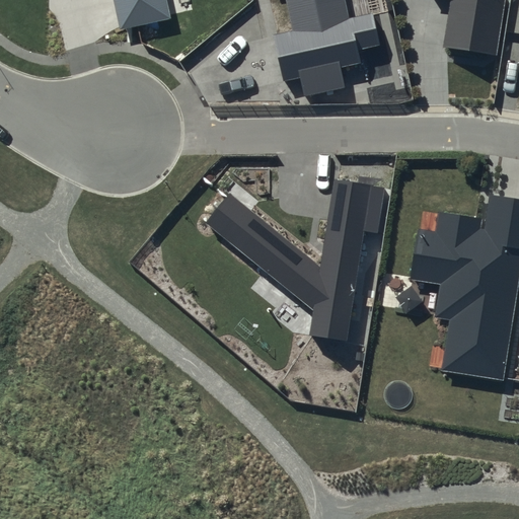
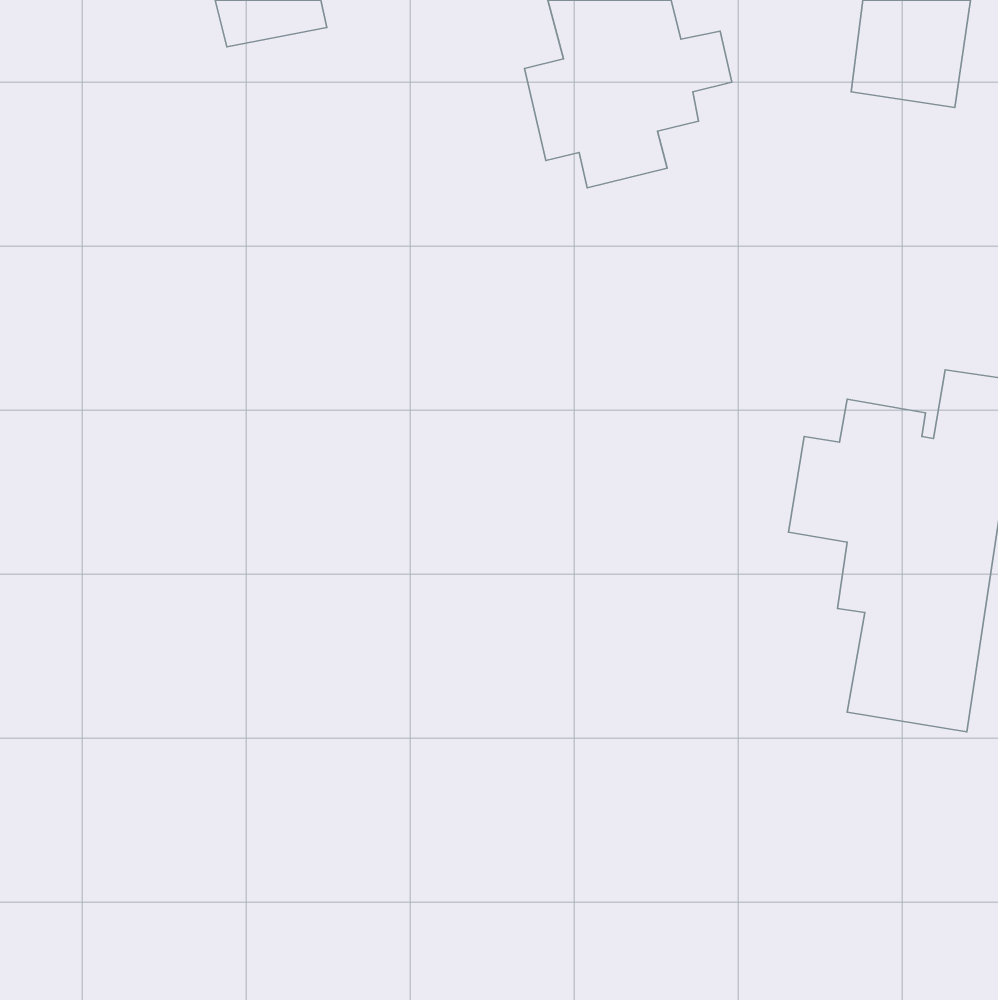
building: [206,178,386,344] -> none

